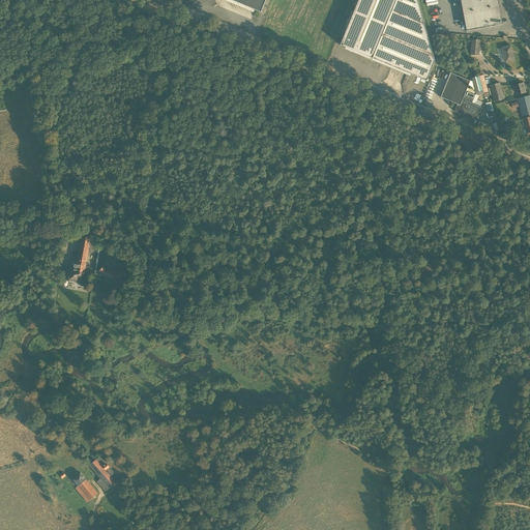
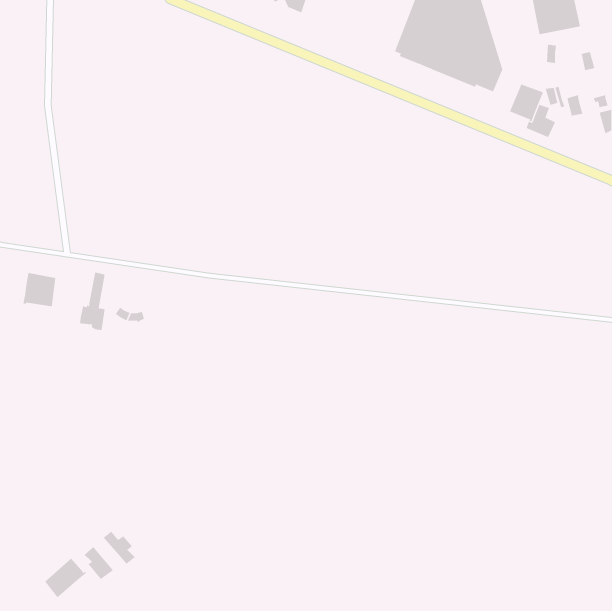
building: none -> [23,272,56,307]
building: none -> [44,558,87,598]

